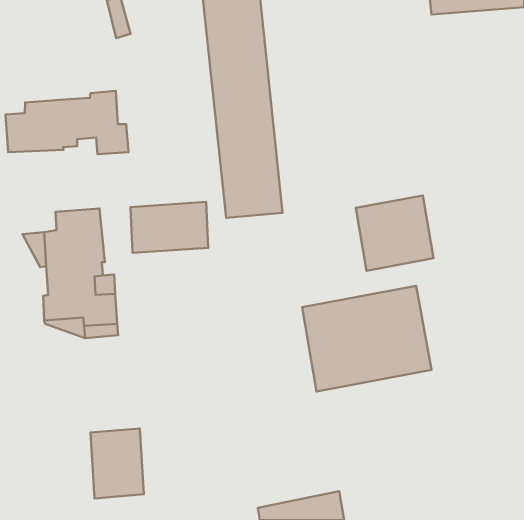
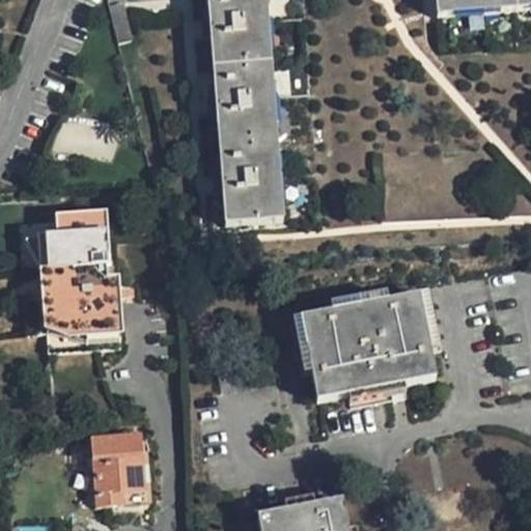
building: [6,91,128,154] -> none
building: [356,195,433,271] -> none
building: [131,202,208,253] -> none

